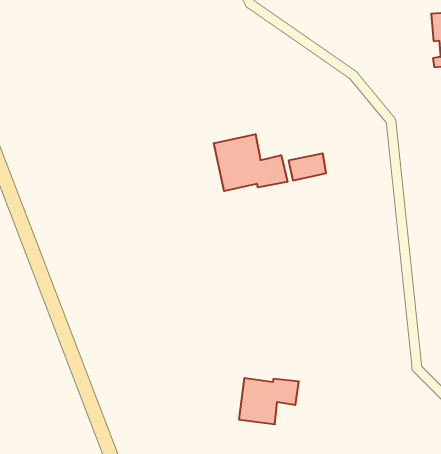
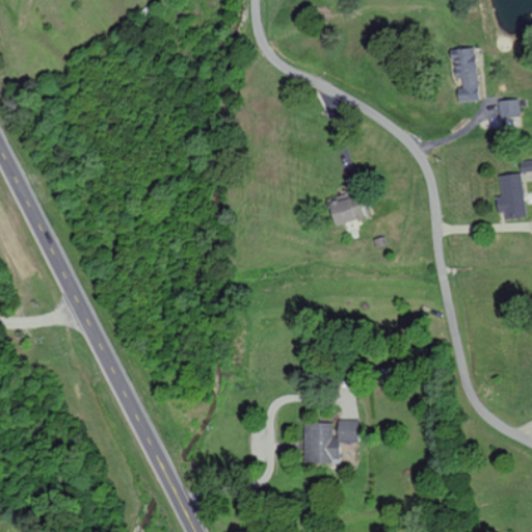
building: [214,134,287,191] -> none

